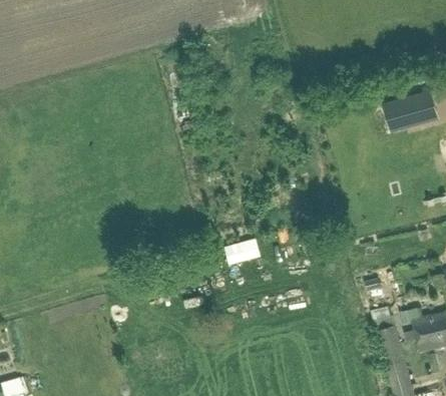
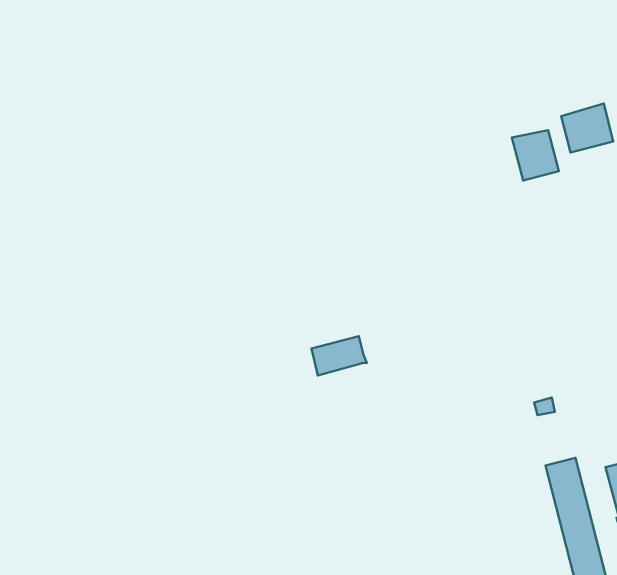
building: none -> [512,130,559,180]

